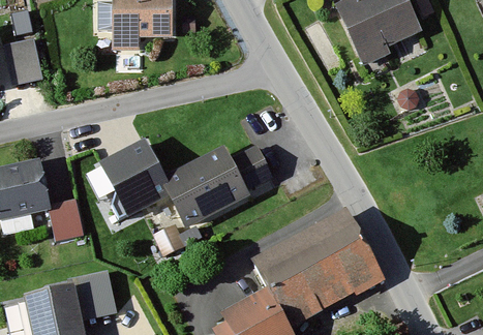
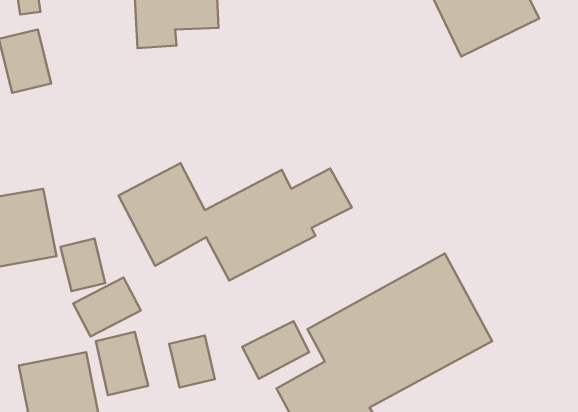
building: none -> [73,278,141,337]
building: none -> [242,321,309,379]
building: none -> [169,335,215,387]

